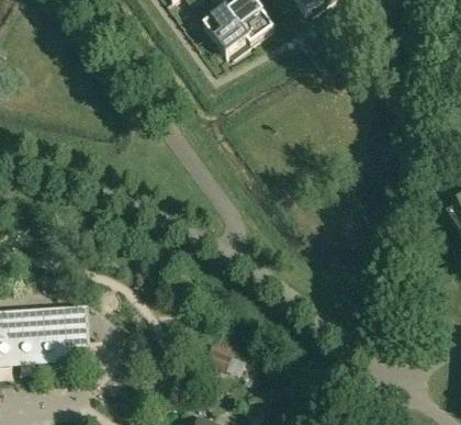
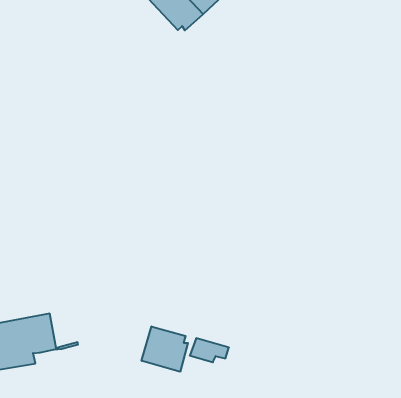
building: none -> [142,326,188,372]

